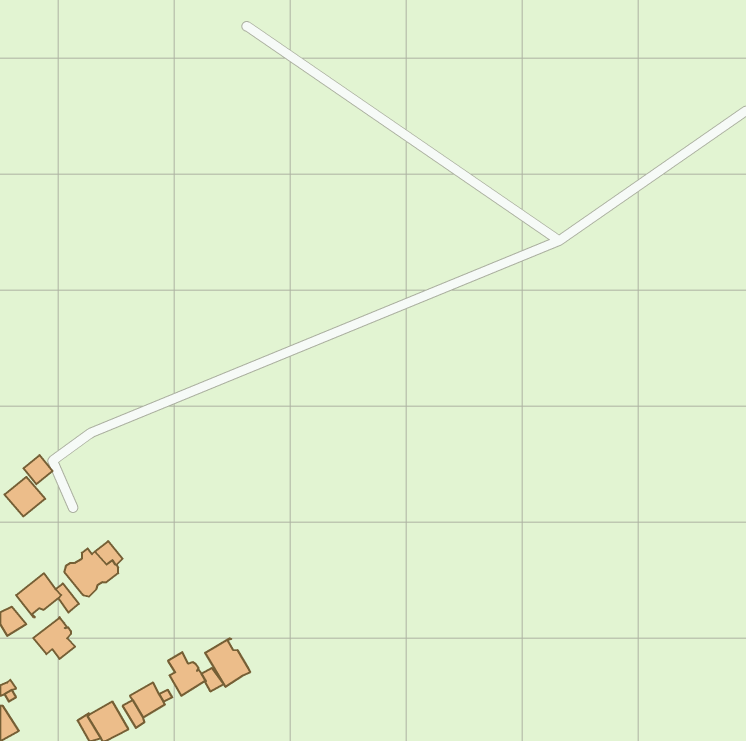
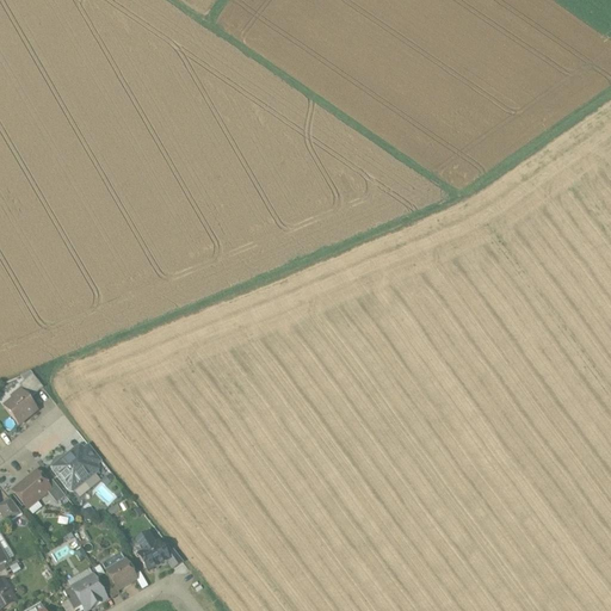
building: [33,617,75,659] -> none
building: [205,638,250,687] -> none

